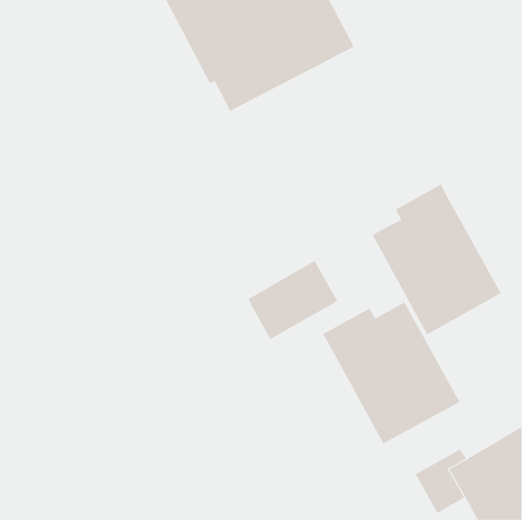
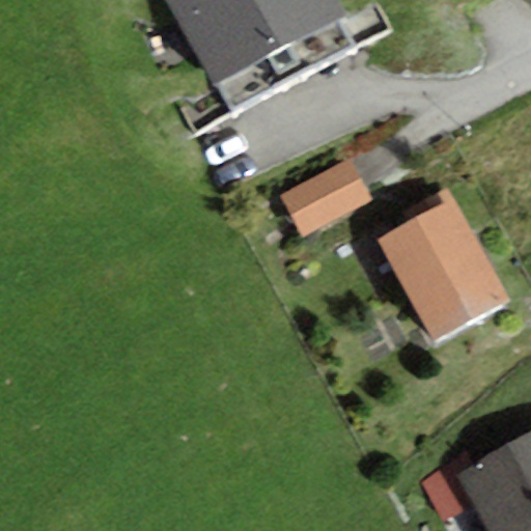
building: [247,260,338,340] -> [280,157,372,237]
building: [322,301,460,444] -> none

